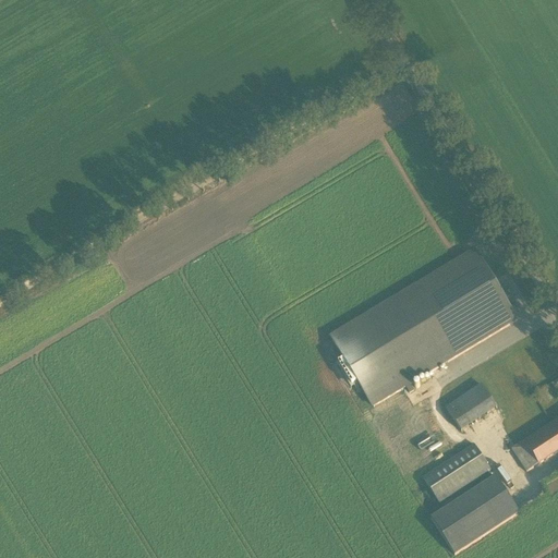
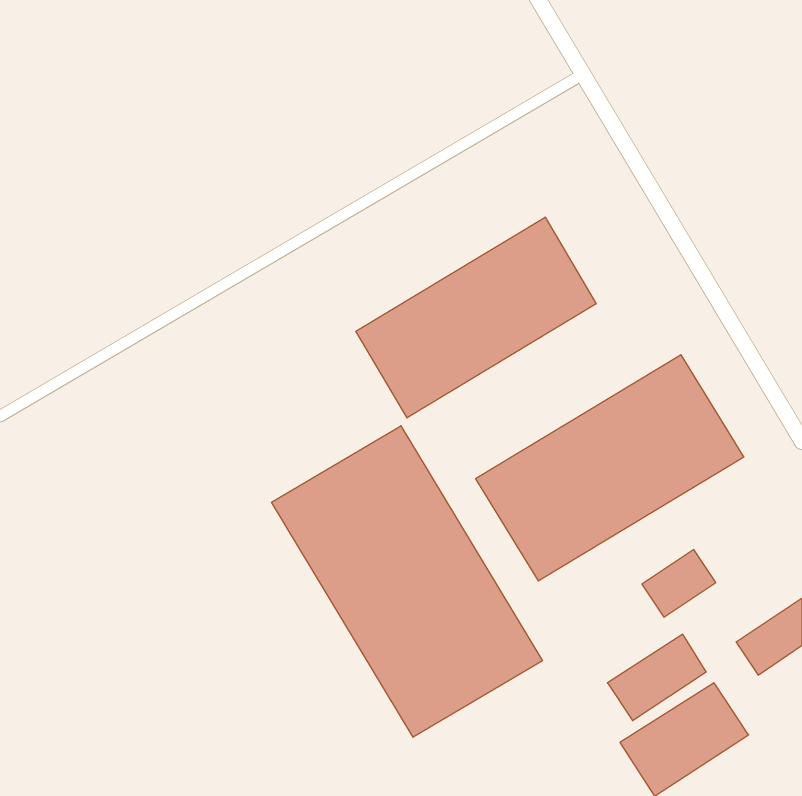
building: none -> [356,217,596,418]
building: none -> [271,426,542,737]

